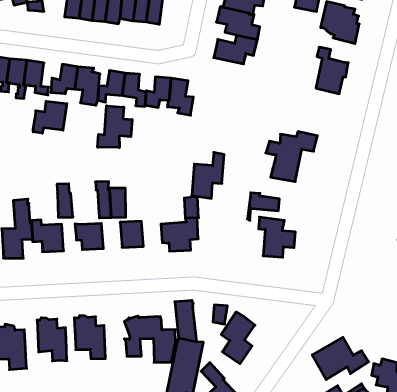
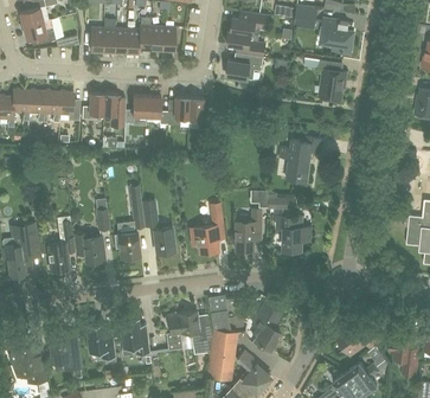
building: [33,101,67,133] -> none
building: [98,106,132,148] -> none
building: [192,152,224,198] -> [235,208,261,250]

